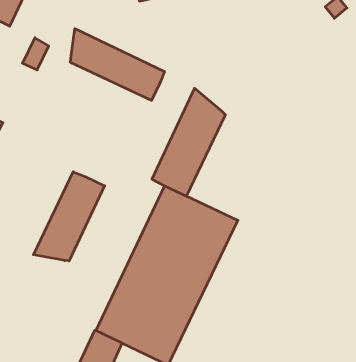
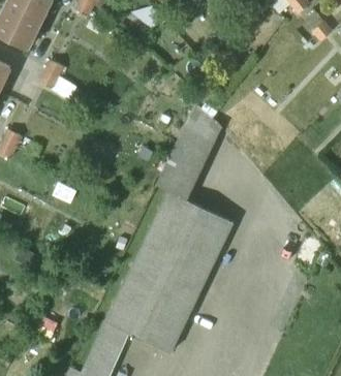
building: [71,29,164,100] -> none
building: [33,172,105,261] -> none

